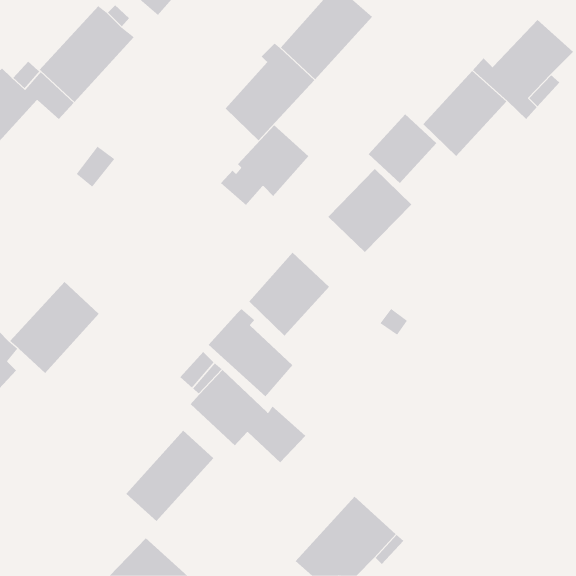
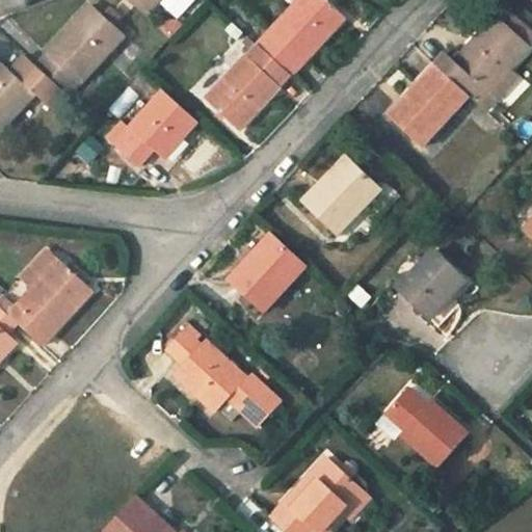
building: [368,113,437,184] -> none
building: [220,125,309,206] -> [113,91,195,166]
building: none -> [397,249,464,317]
building: [208,308,293,397] -> none
building: none -> [385,389,468,467]
building: [126,430,214,522] -> none

